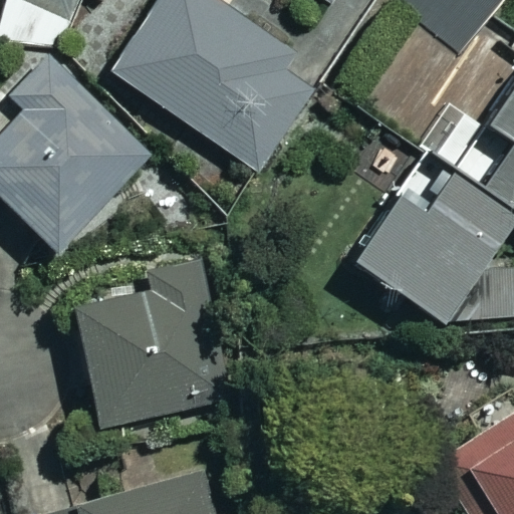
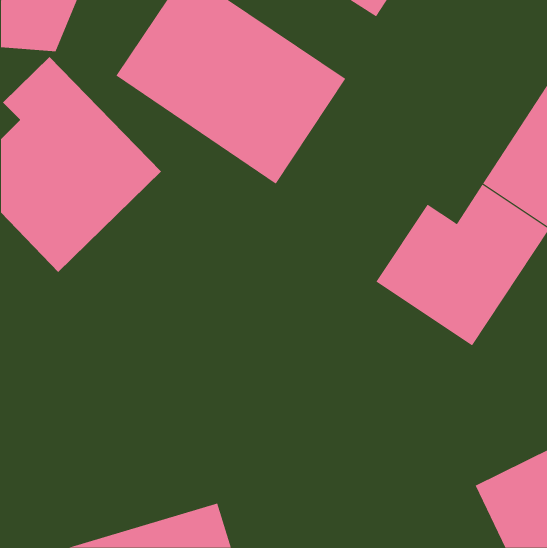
building: [75,259,229,426] -> none

